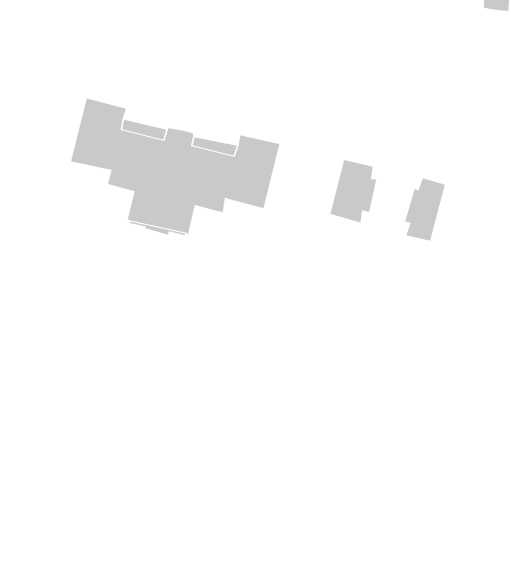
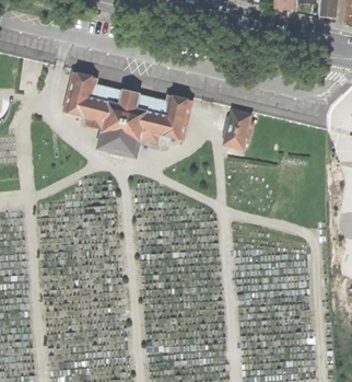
building: [404,177,445,242] -> none

